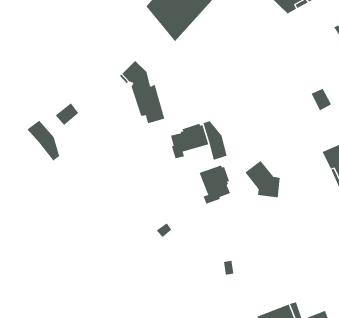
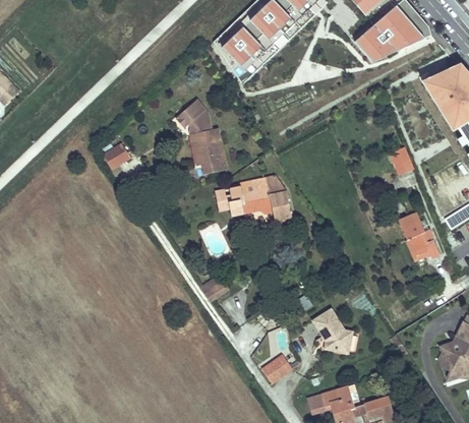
building: [27,120,60,162] -> none
building: [245,160,281,198] -> [313,309,353,353]
building: [199,165,231,204] -> none
building: none -> [262,355,292,383]

